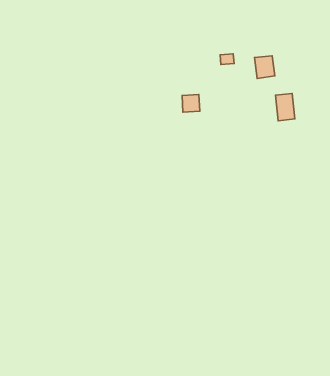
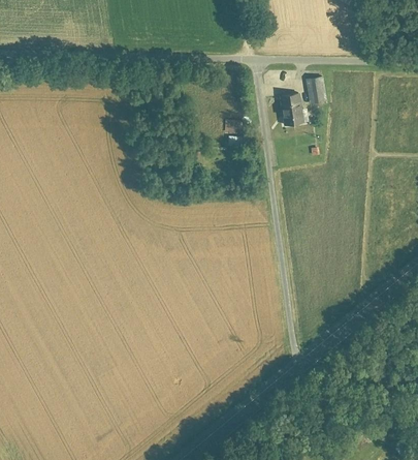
building: [275,93,295,121] -> [281,93,303,125]

